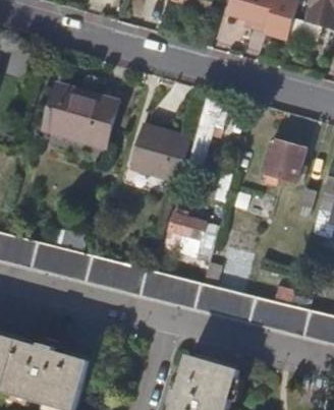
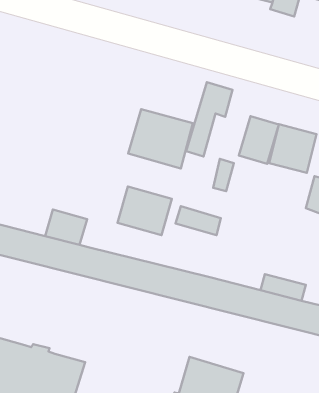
building: [45,82,120,144] -> none
building: none -> [239,116,279,164]
building: none -> [118,187,172,235]

